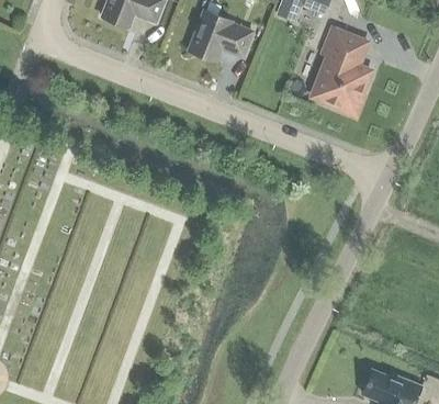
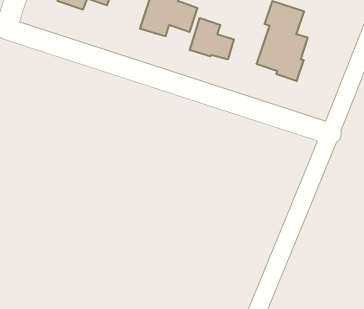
building: none -> [190,18,234,59]

